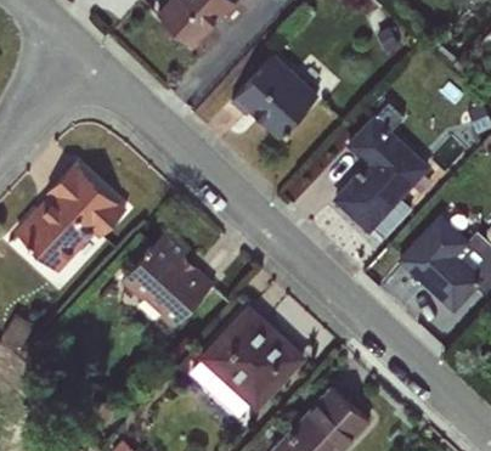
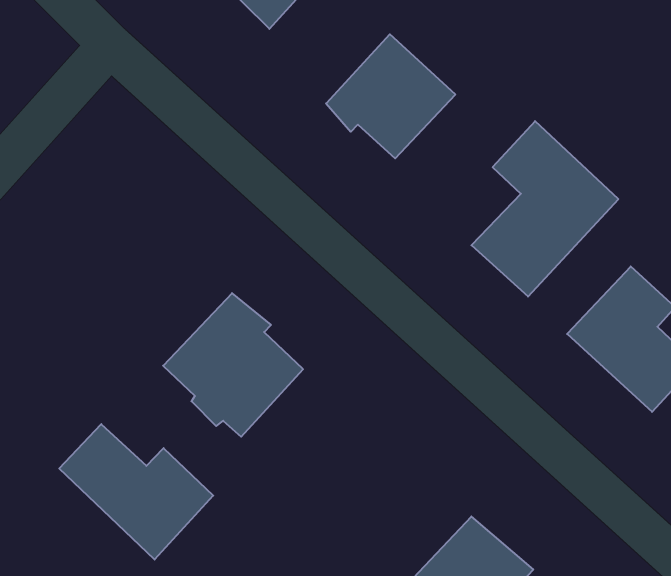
building: [15,160,128,274] -> none
building: [190,304,307,418] -> none
building: none -> [59,424,213,560]

